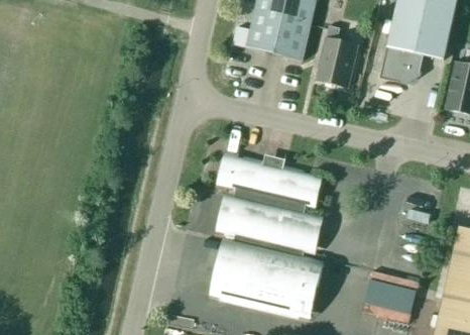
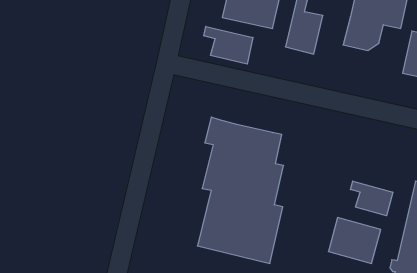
building: none -> [204,26,253,64]
building: none -> [351,181,393,216]

